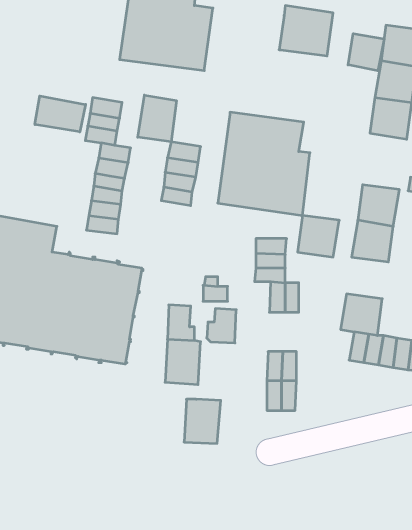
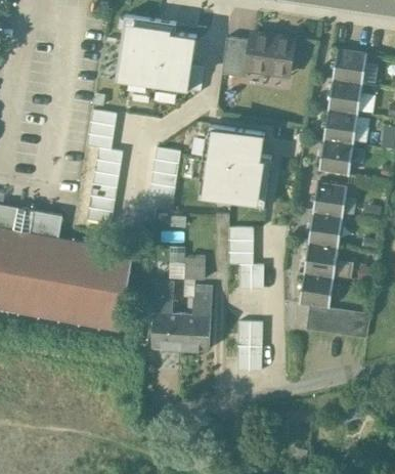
building: none -> [222,38,252,79]
building: [348,34,384,71] -> none
building: [138,95,176,142] -> none
building: [35,96,86,132] -> none
building: none -> [319,140,354,175]
building: [298,215,339,257] -> [304,244,339,278]
building: [184,399,221,443] -> [180,314,211,351]

